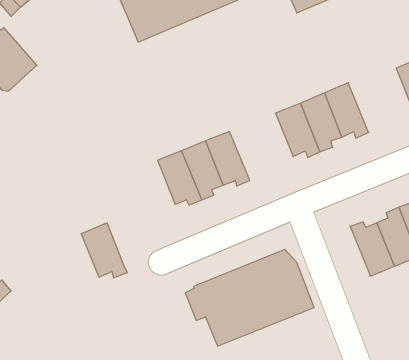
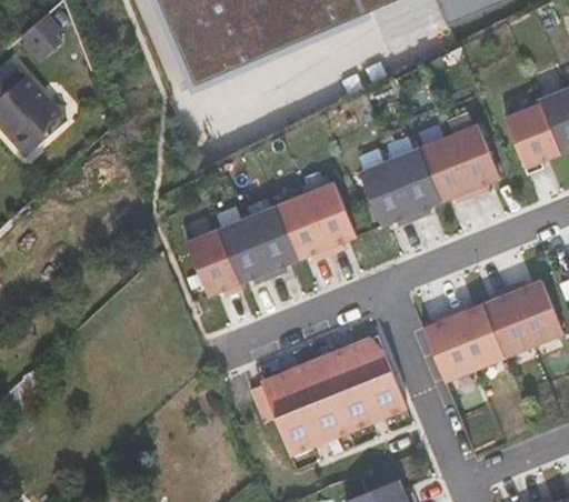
building: none -> [447,124,498,195]
building: none -> [303,182,355,253]
building: [81,223,127,278] -> [186,229,241,295]
building: none -> [422,309,473,380]

